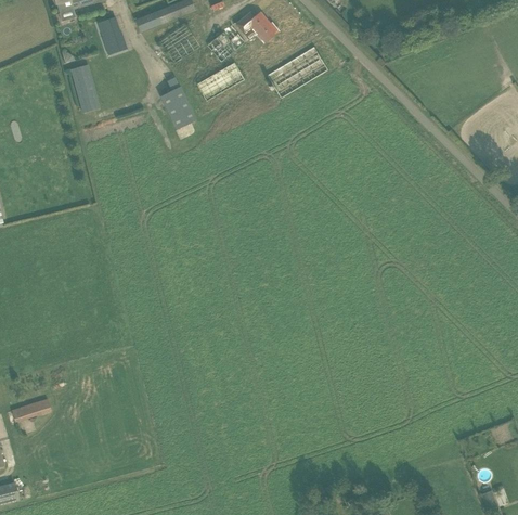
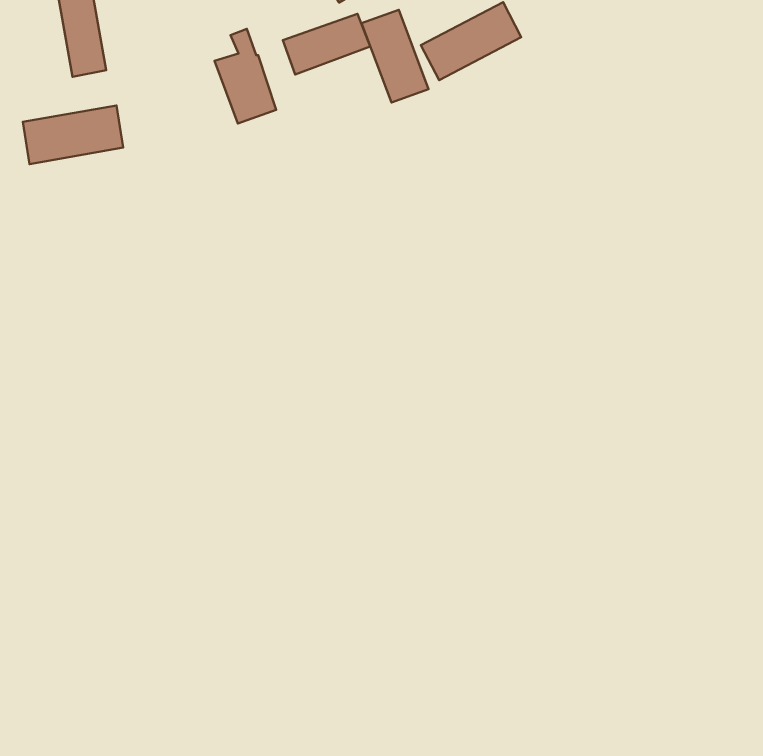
building: none -> [362,10,429,102]
building: none -> [23,106,123,164]

